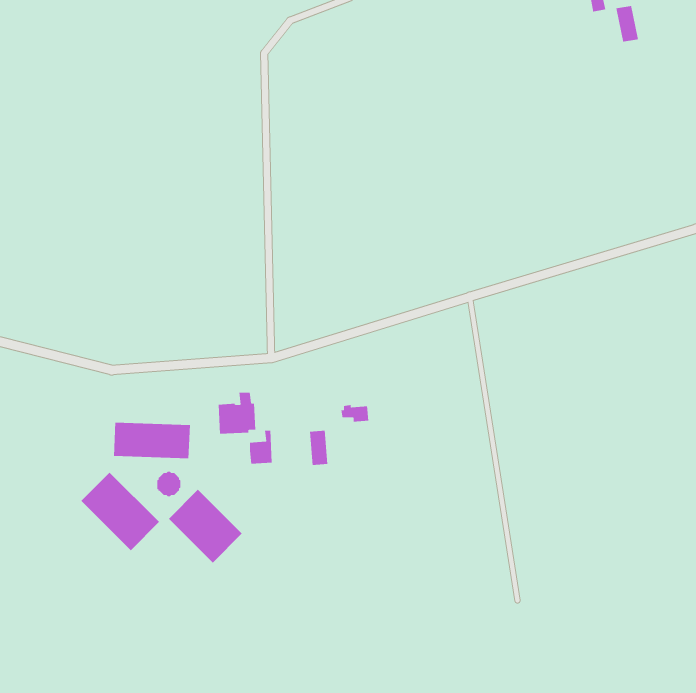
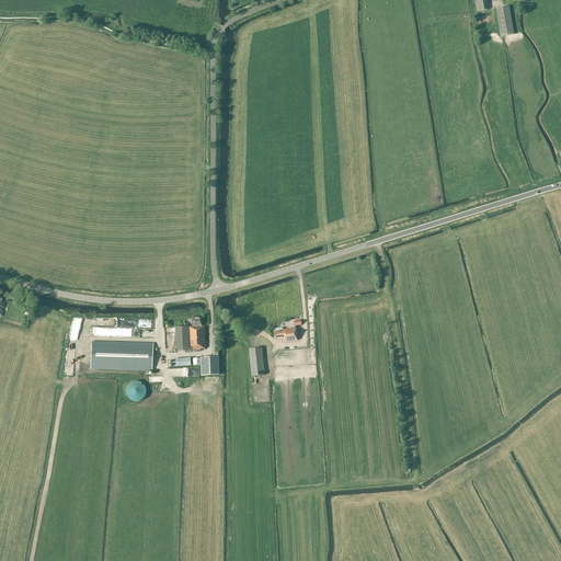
building: [81,472,160,551] -> none
building: [168,489,242,563] -> none

